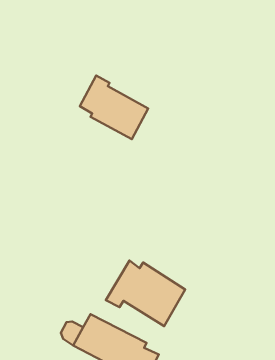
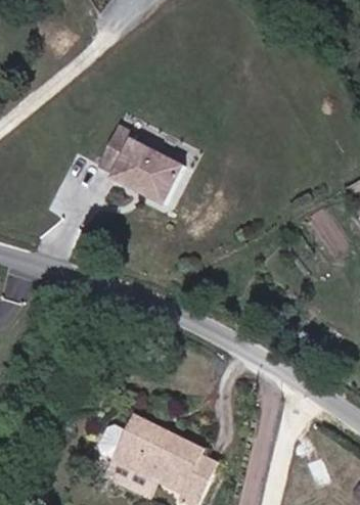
building: [106,260,185,326] -> none

